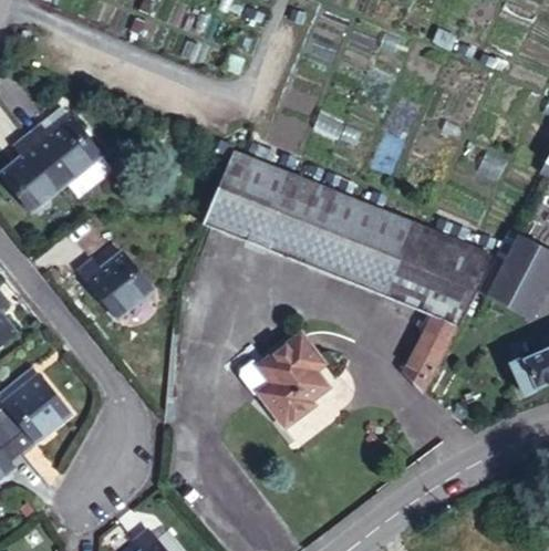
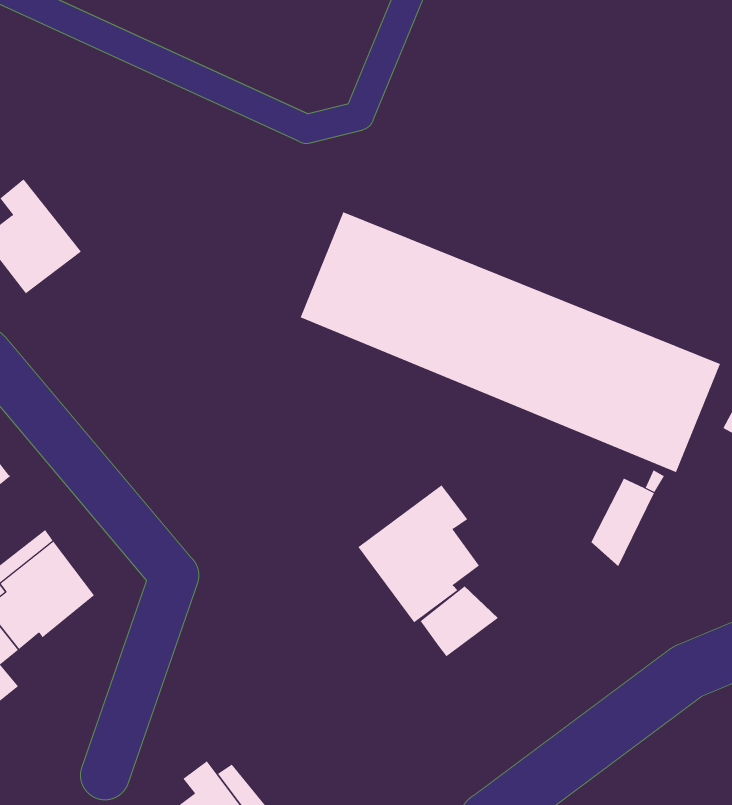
building: [23,105,111,193] -> none
building: [79,254,151,320] -> none
building: none -> [420,585,499,657]

